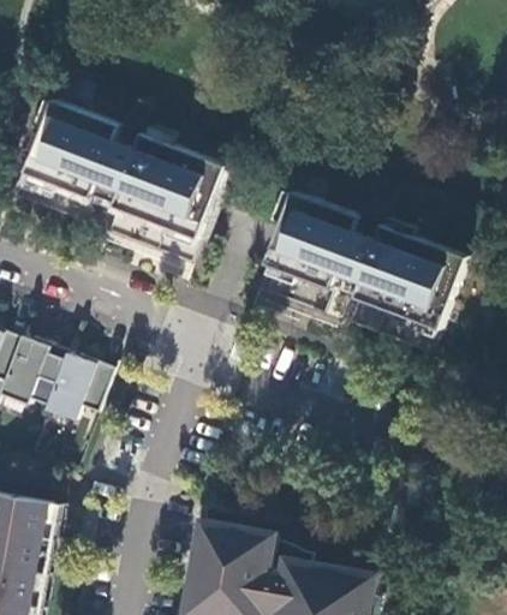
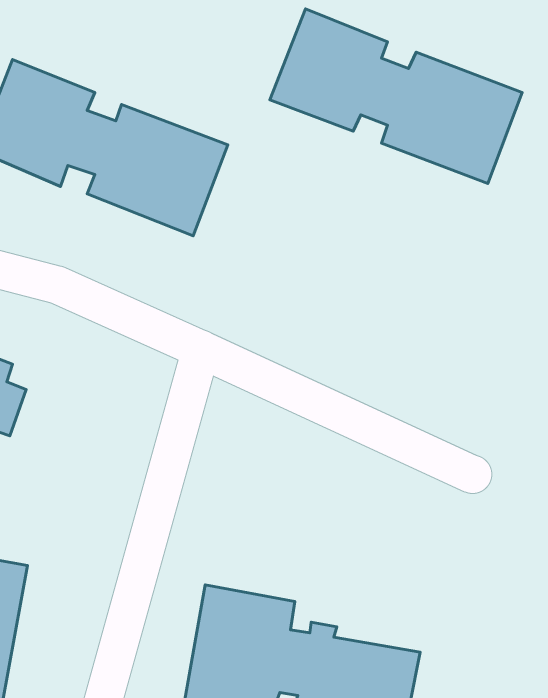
building: [257,192,460,333] -> [270,9,522,184]
building: [41,348,107,417] -> none

